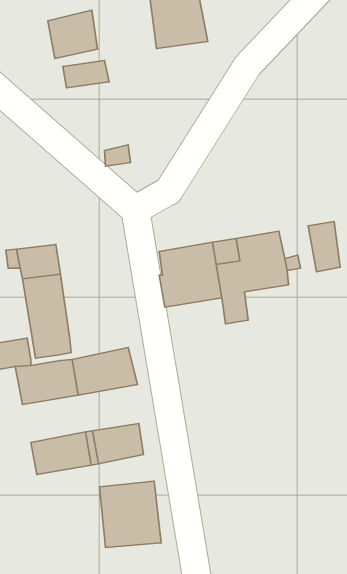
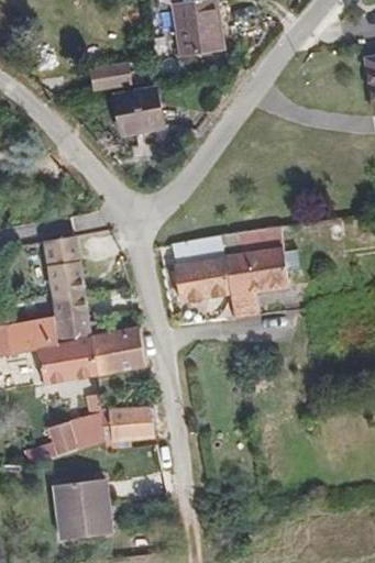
building: [48,10,98,59] -> [106,93,152,139]
building: [308,222,340,272] -> none
building: [99,481,161,547] -> [56,472,113,533]

